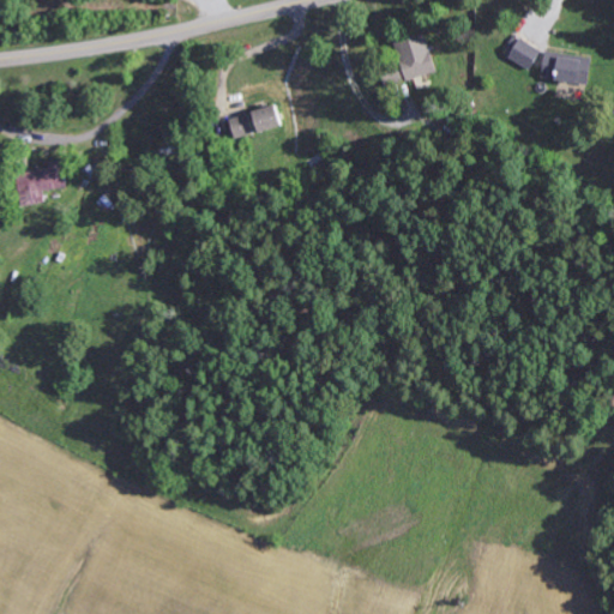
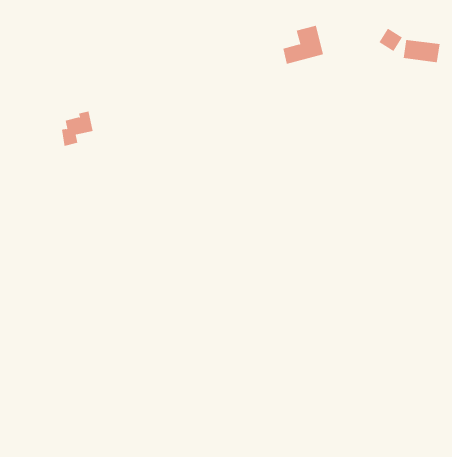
building: [225,103,281,139] -> none
building: [20,158,64,206] -> [61,111,94,147]

